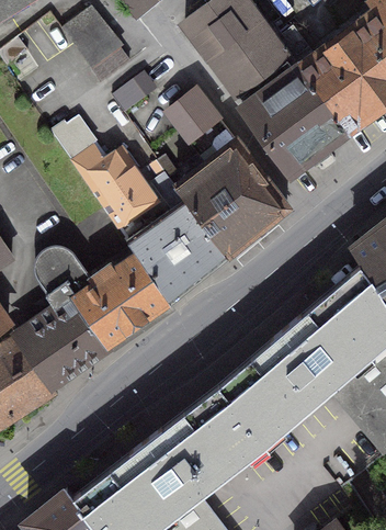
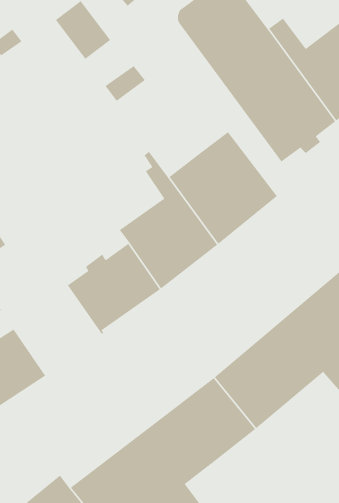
building: [169,88,237,161] -> none
building: [54,116,158,227] -> none
building: [30,246,109,380] -> none

